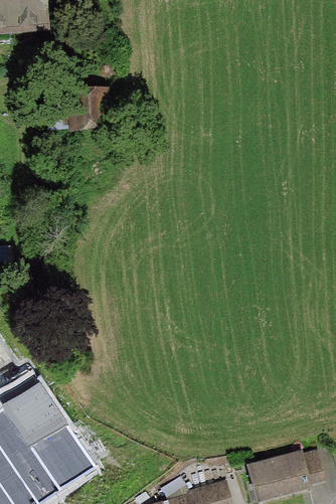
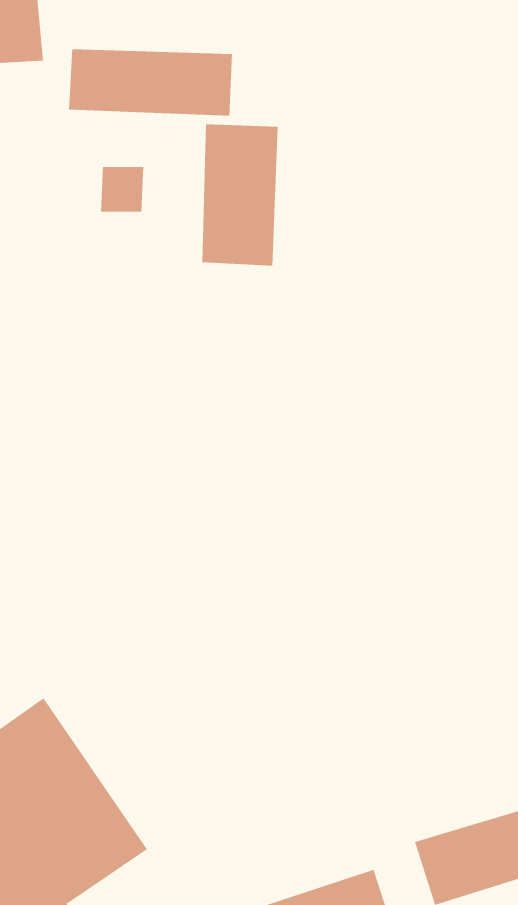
building: none -> [69,49,232,116]
building: none -> [202,123,278,266]

